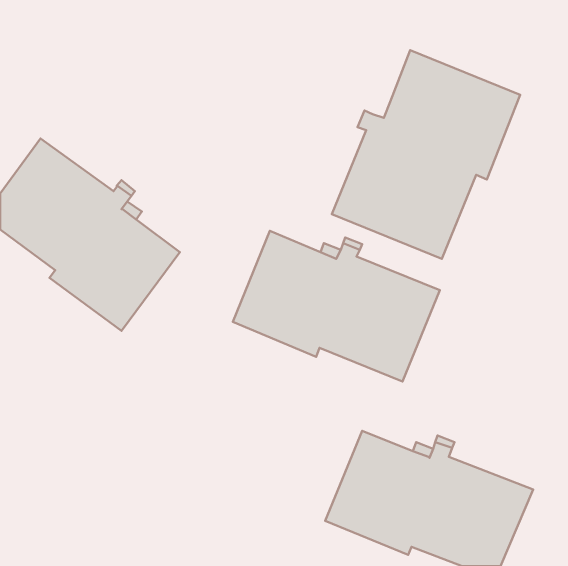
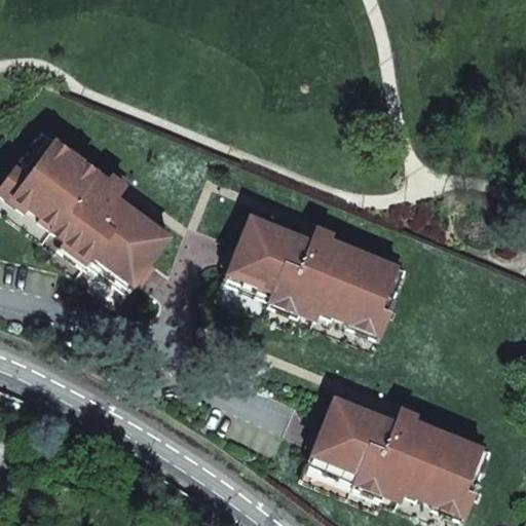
building: [332,50,520,259] -> none

